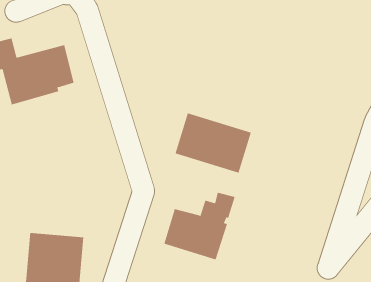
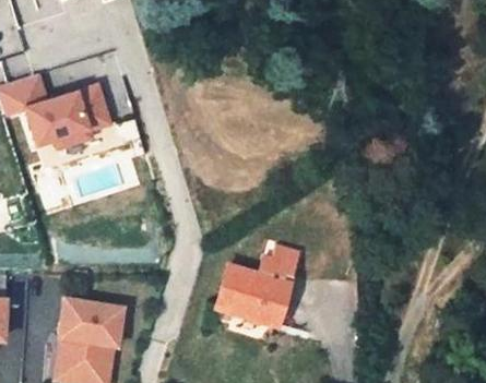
building: [175,113,251,173] -> none

